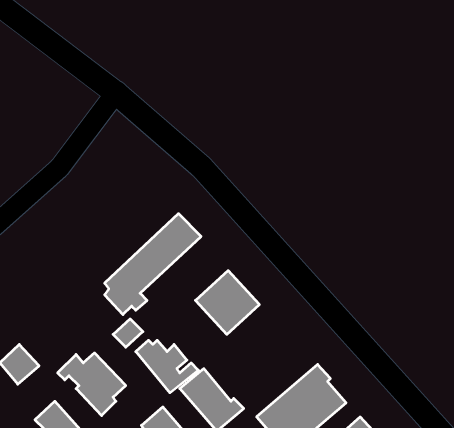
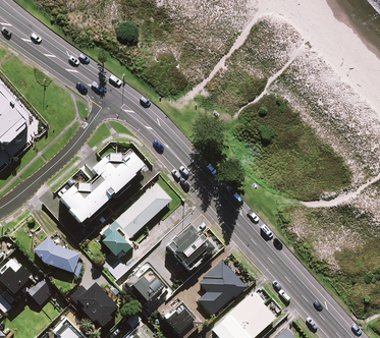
building: none -> [60,153,143,223]
building: none -> [34,237,78,273]
building: none -> [198,263,243,316]

